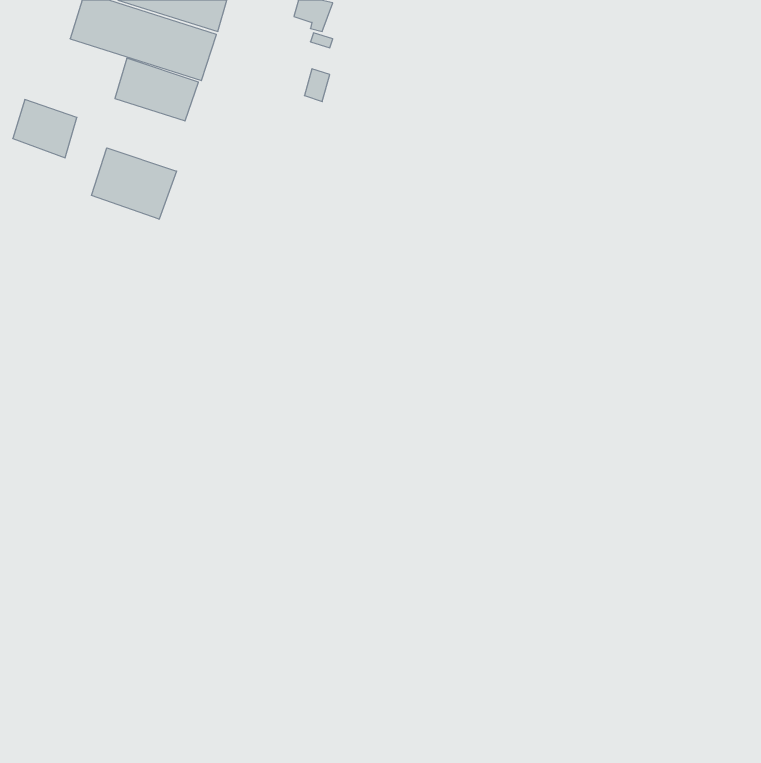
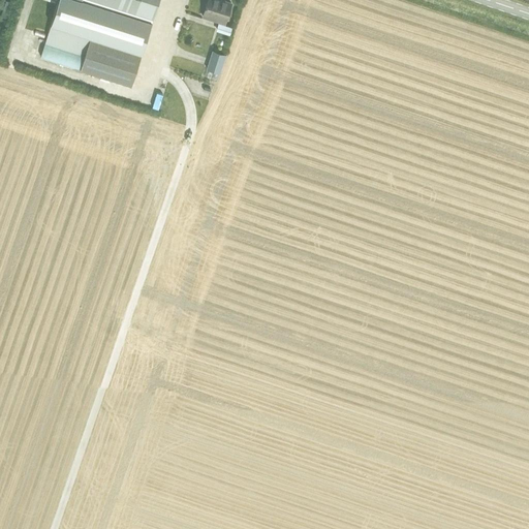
building: [13,100,77,158] -> [42,28,87,68]
building: [92,148,177,219] -> none

